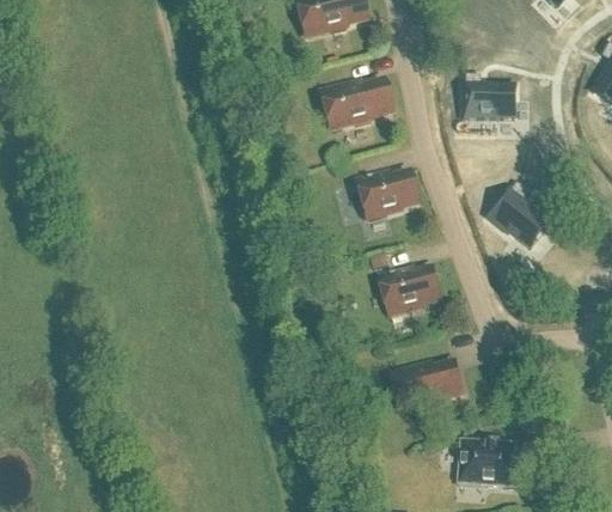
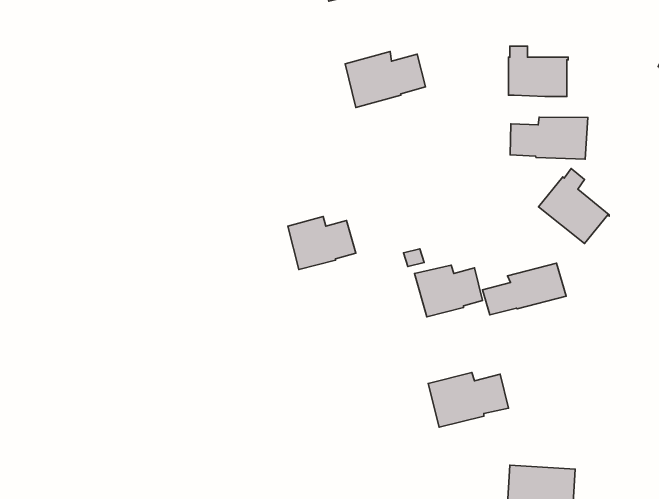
building: none -> [510,117,588,159]
building: [357,171,417,218] -> [288,217,356,270]
building: none -> [482,263,566,315]

